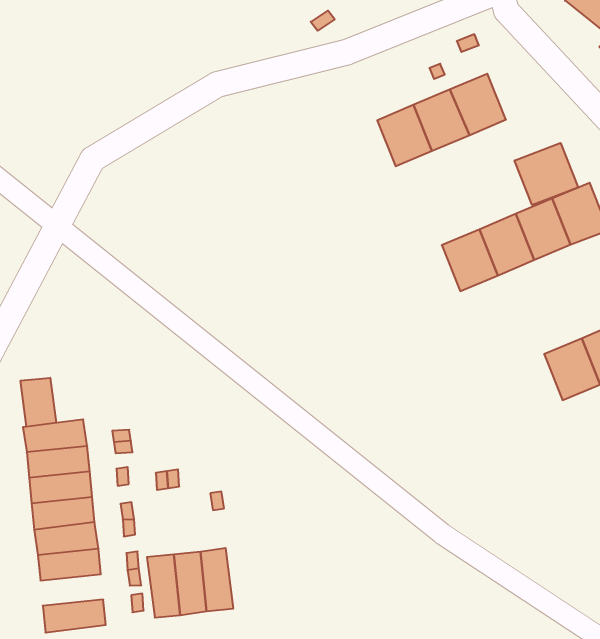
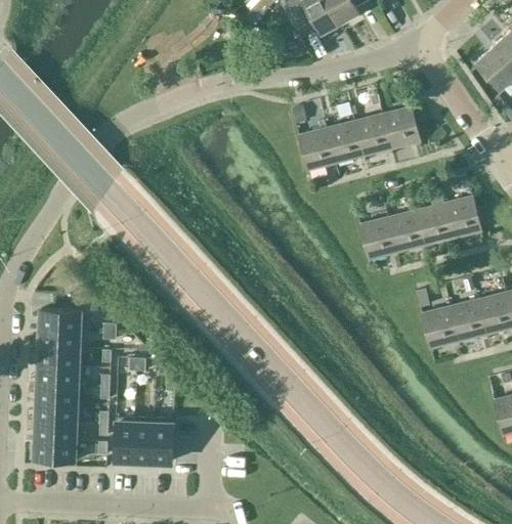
building: none -> [298,128,335,170]
building: [515,143,578,205] -> none
building: [21,378,56,427] -> none
building: none -> [35,421,80,441]

